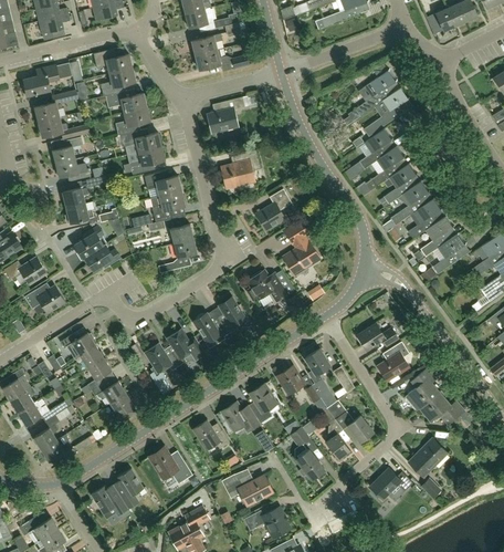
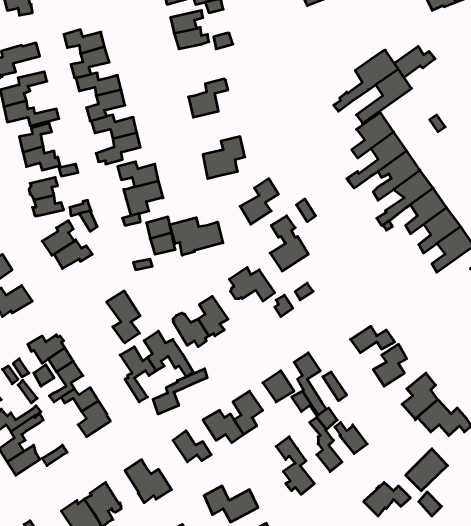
building: none -> [394,46,435,78]
building: none -> [170,218,223,255]
building: none -> [107,291,140,343]
building: none -> [153,369,207,414]

